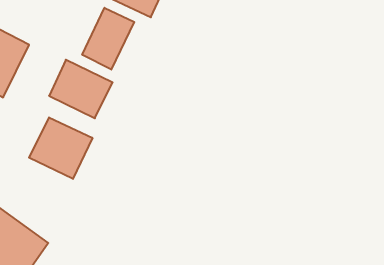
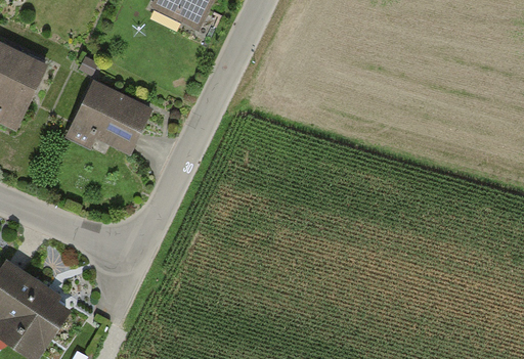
building: [82,8,134,70] -> none
building: [29,117,92,179] -> none

